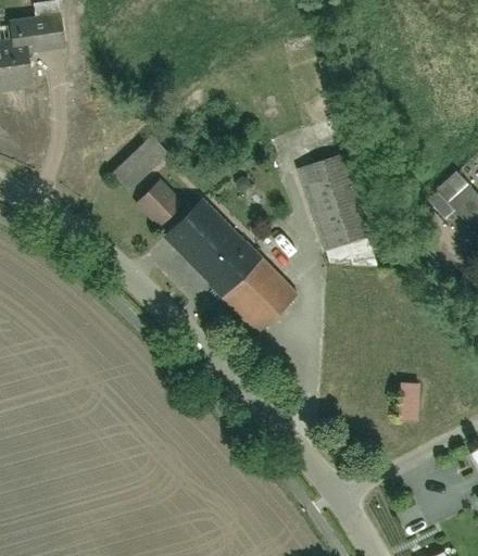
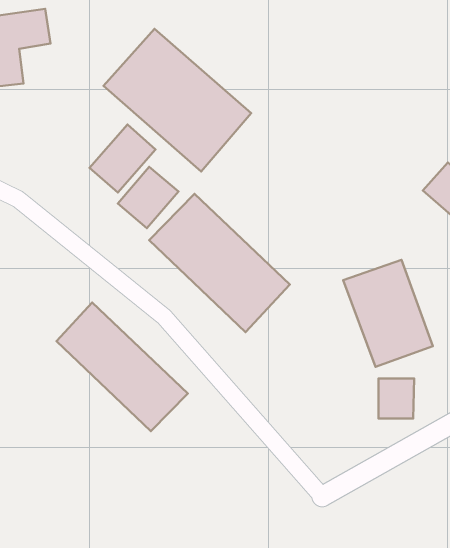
building: none -> [103,29,251,171]
building: [292,151,382,258] -> [343,260,433,367]
building: none -> [56,302,188,431]

